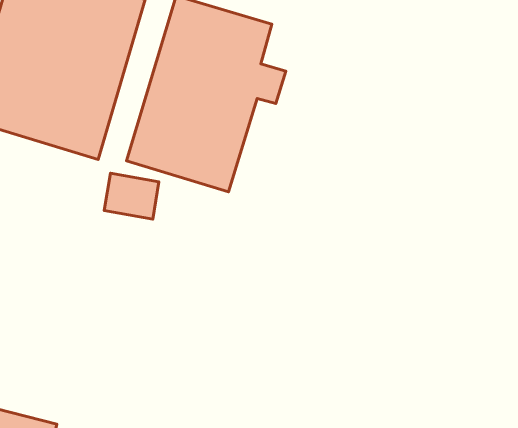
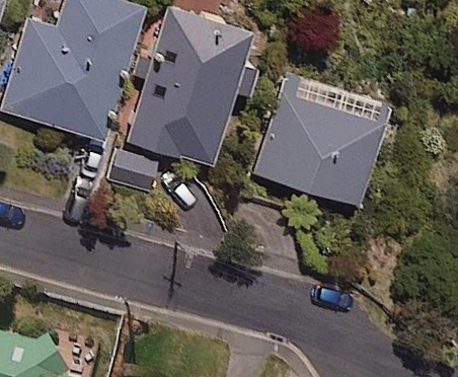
building: none -> [254,72,390,207]

